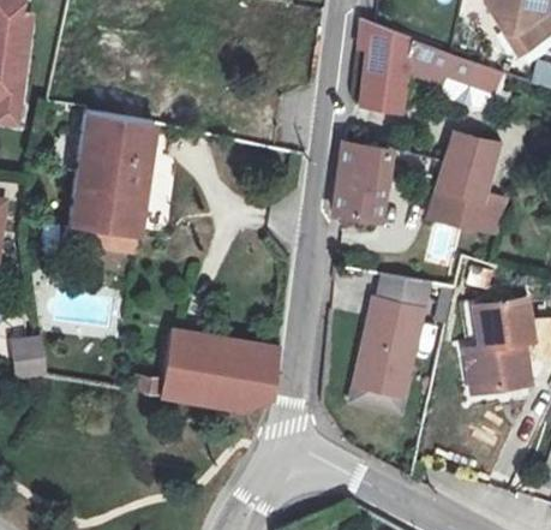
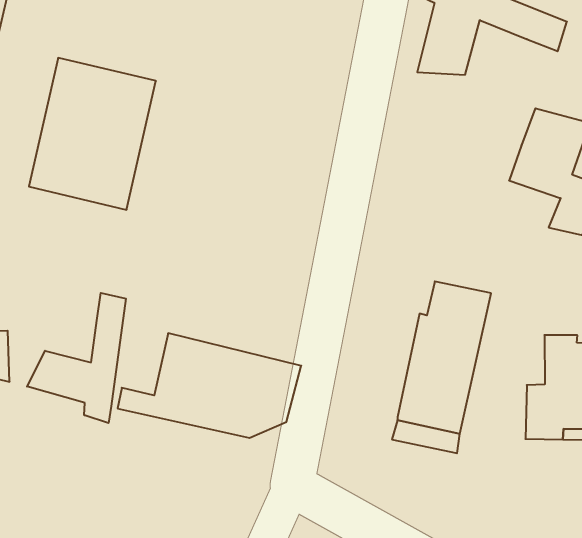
building: [336,142,389,222] -> none
building: [429,191,480,227] -> none
building: none -> [27,293,126,423]

